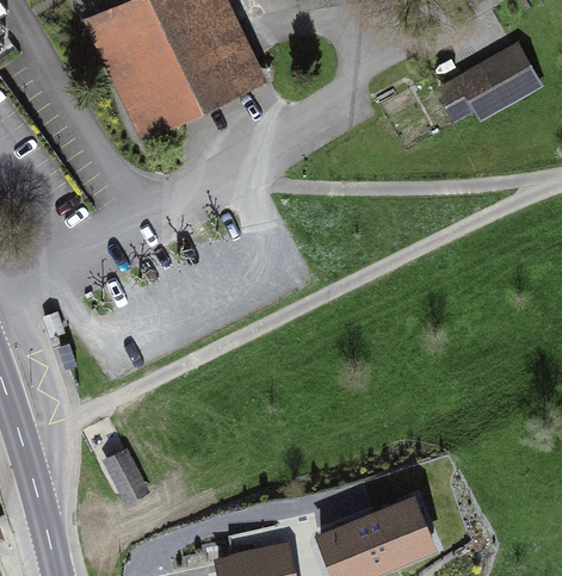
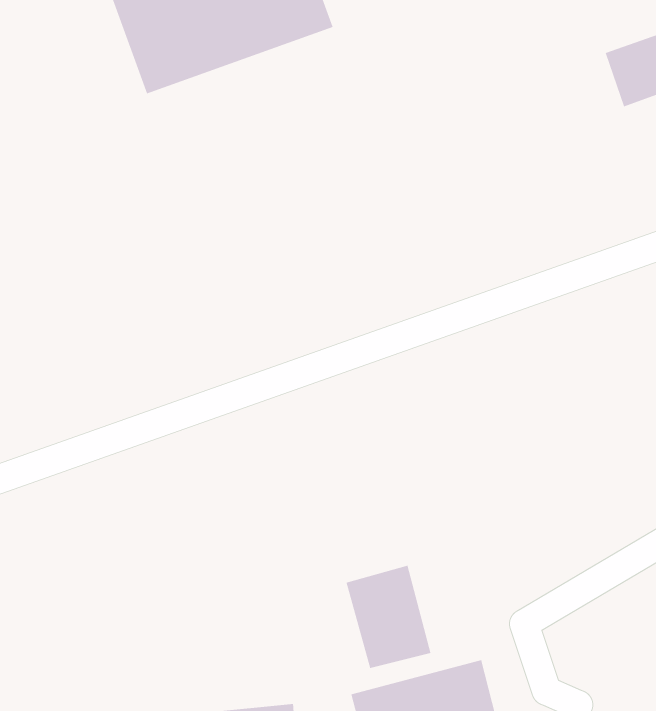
building: none -> [346,565,431,669]
building: [101,447,149,507] -> none

